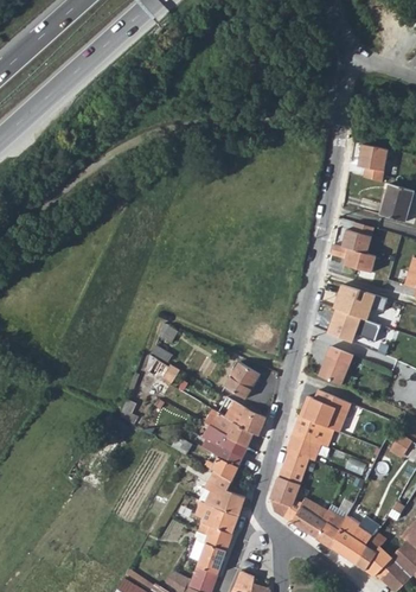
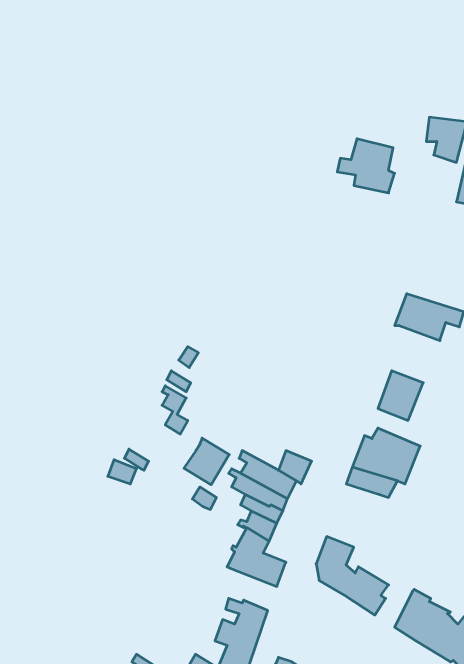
building: [331,229,376,272] -> [337,139,395,193]
building: [326,310,379,342] -> none
building: [224,362,260,399] -> [184,438,229,485]
building: [277,434,319,484] -> none
building: [196,499,238,534] -> none
building: [315,513,345,547] -> none

